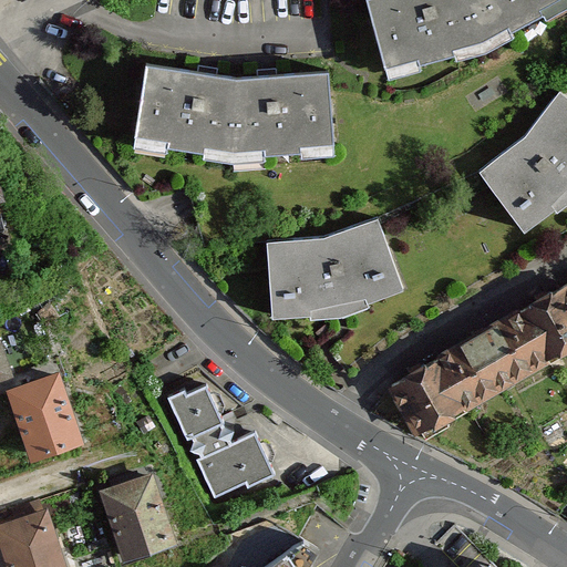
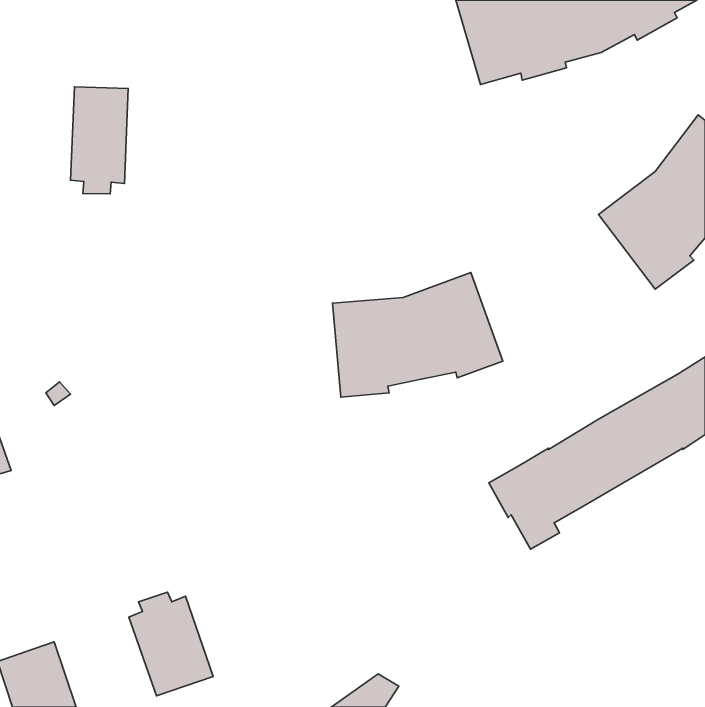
building: [134,65,333,155] -> none
building: none -> [71,87,128,194]
building: [10,378,78,455] -> none
building: [167,384,274,496] -> none

